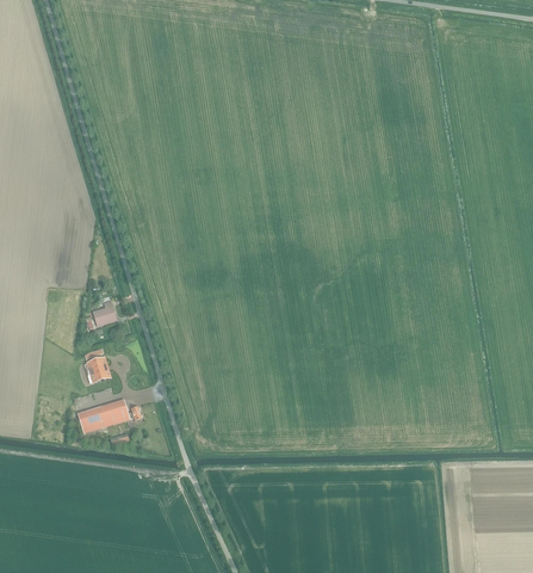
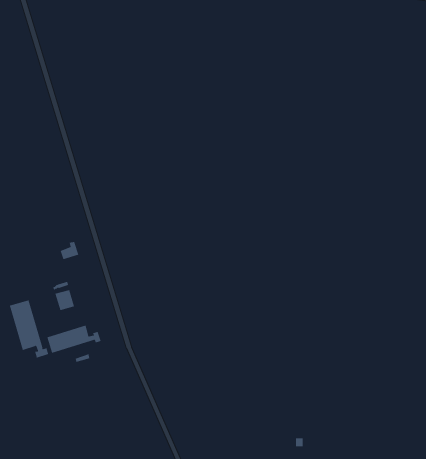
building: none -> [9,299,49,358]

